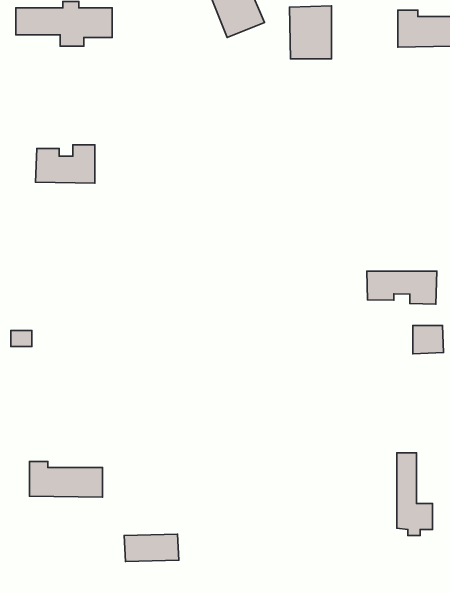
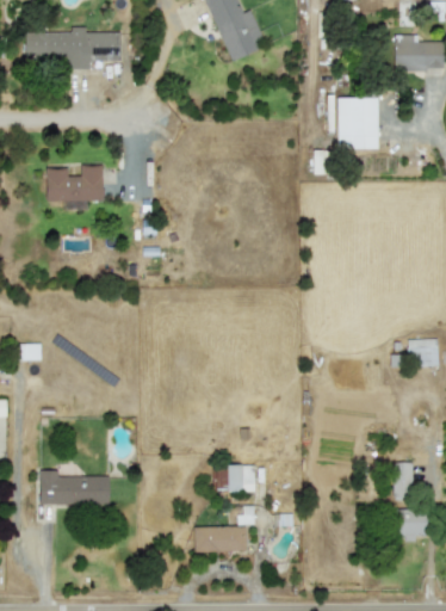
building: [289,6,331,59] -> [337,97,378,148]
building: [367,271,437,304] -> none
building: none -> [216,465,255,490]
building: [124,534,179,561] -> [194,525,247,551]

